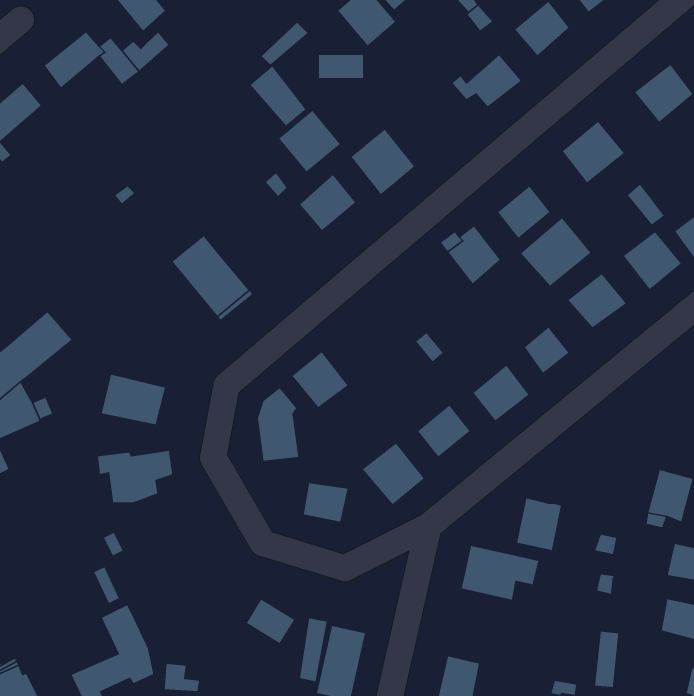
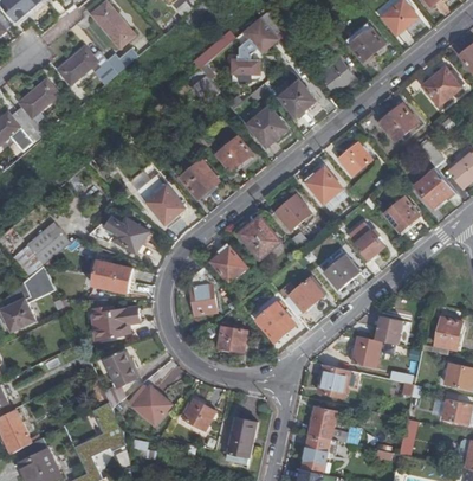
building: none -> [281,82,315,116]
building: [278,110,341,173] -> [179,159,218,198]
building: [520,217,591,286] -> none
building: none -> [274,194,310,229]
building: none -> [88,213,148,252]
building: none -> [240,217,279,257]
building: none -> [374,316,401,346]
building: none -> [105,349,137,385]
building: none -> [131,385,169,423]
building: none -> [307,408,345,443]

